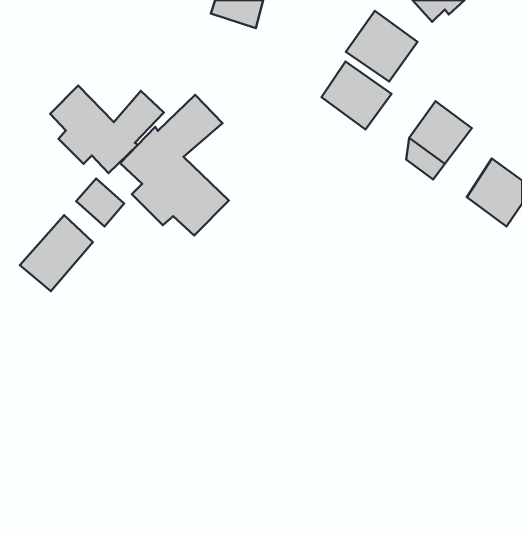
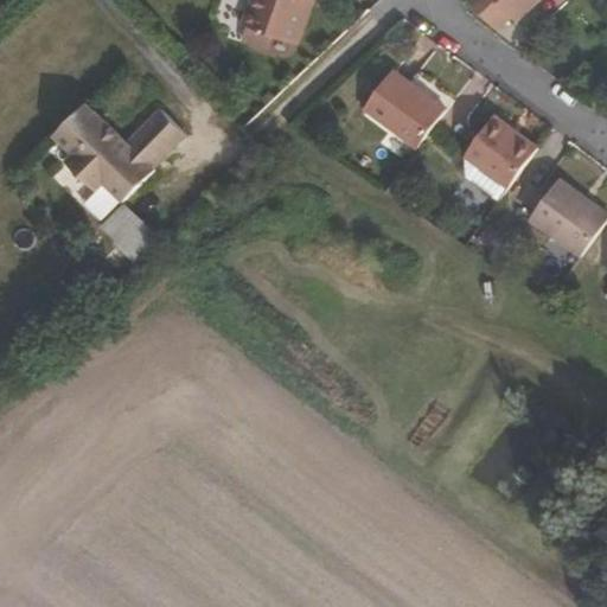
building: [346,11,417,82] -> none
building: [120,95,229,236] -> none
building: [20,215,93,291] -> none

